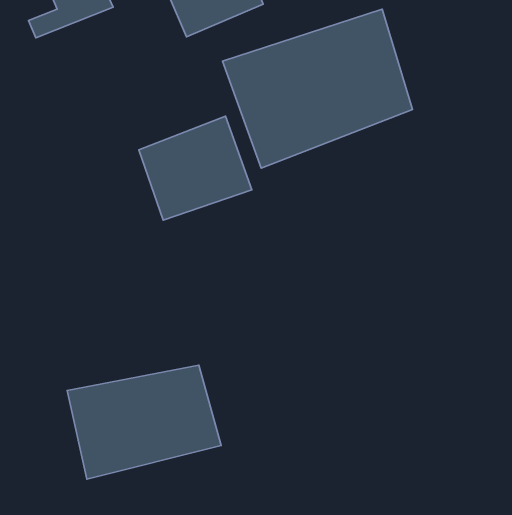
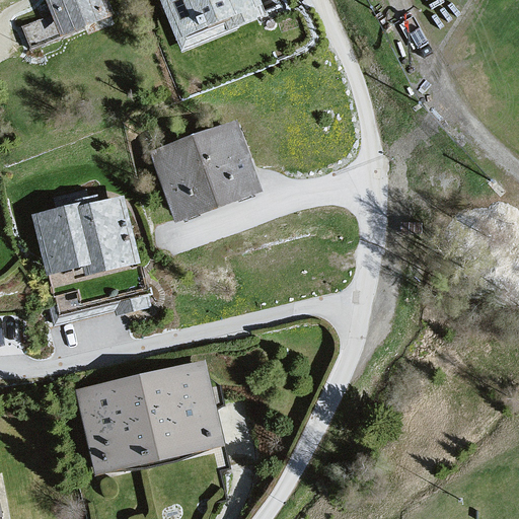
building: [223,9,412,168] -> none
building: none -> [33,194,139,285]

